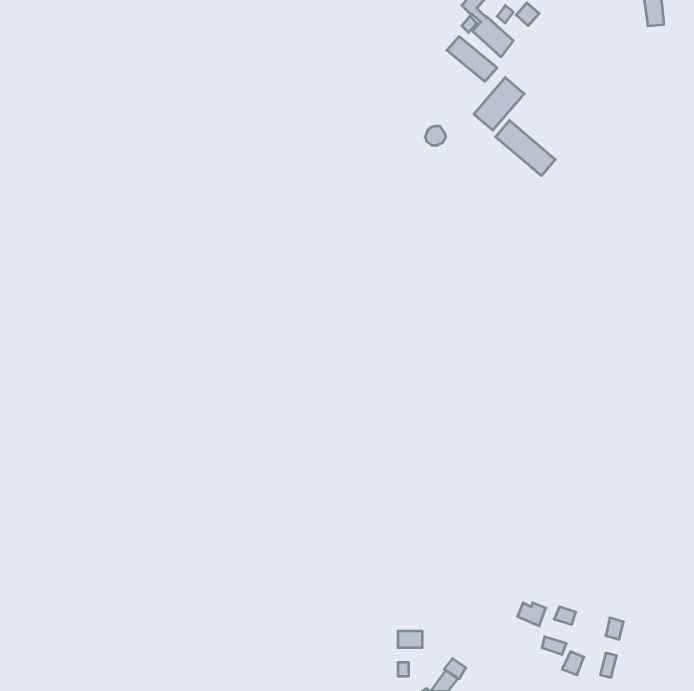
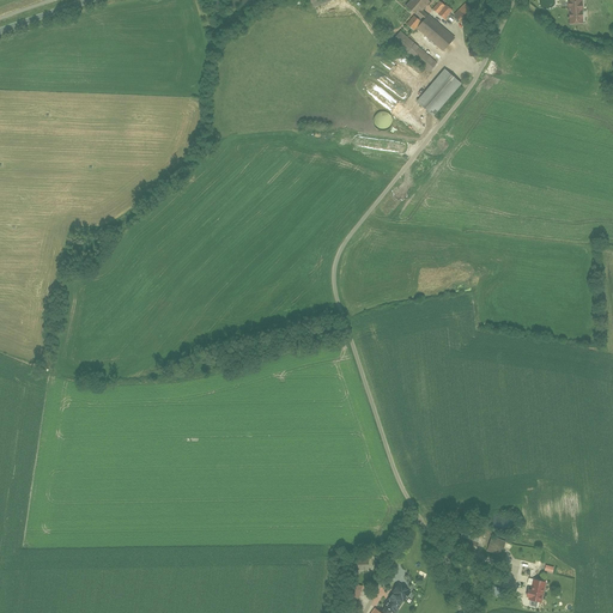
building: [496,120,555,176] -> none

